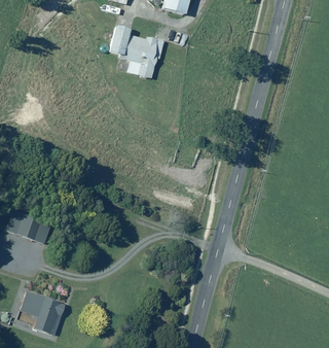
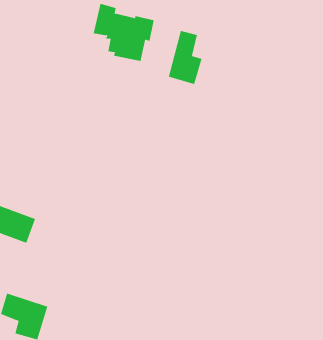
building: none -> [168,30,202,85]

